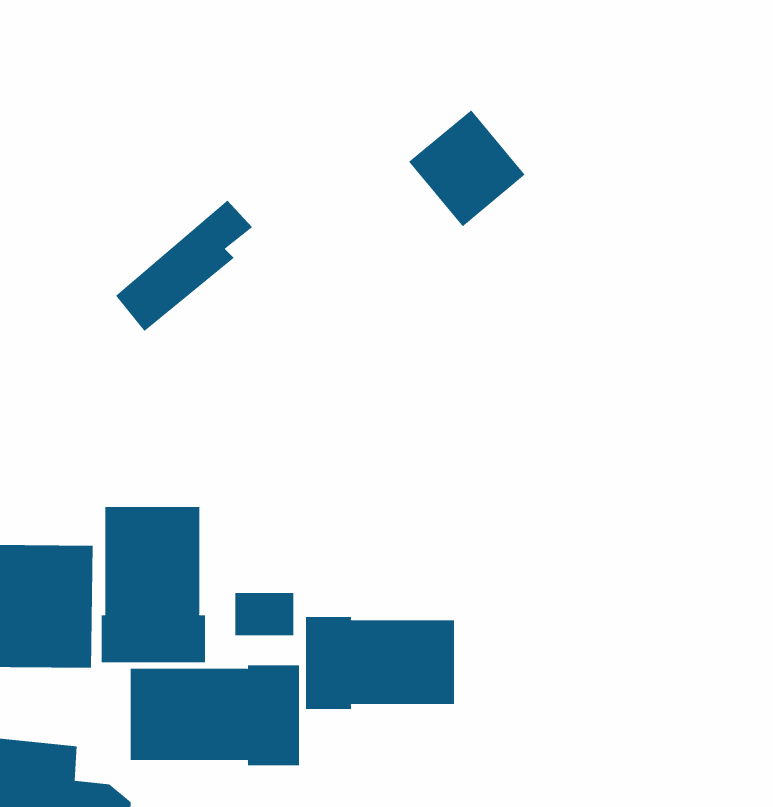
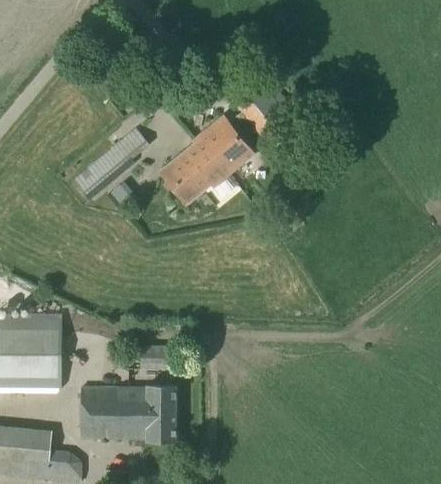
building: none -> [159,116,253,203]
building: [101,506,205,663] -> none
building: [306,616,454,710] -> none

